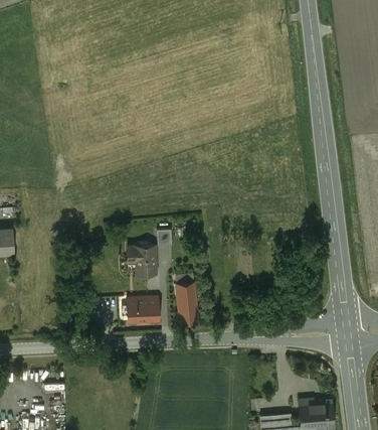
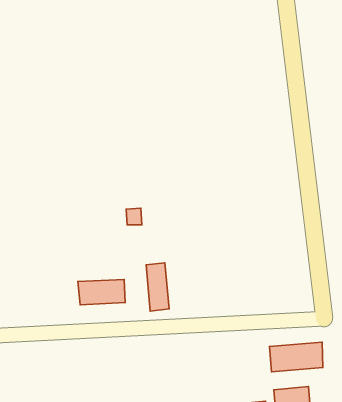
building: [127,245,156,274] -> none
building: none -> [270,342,323,372]

